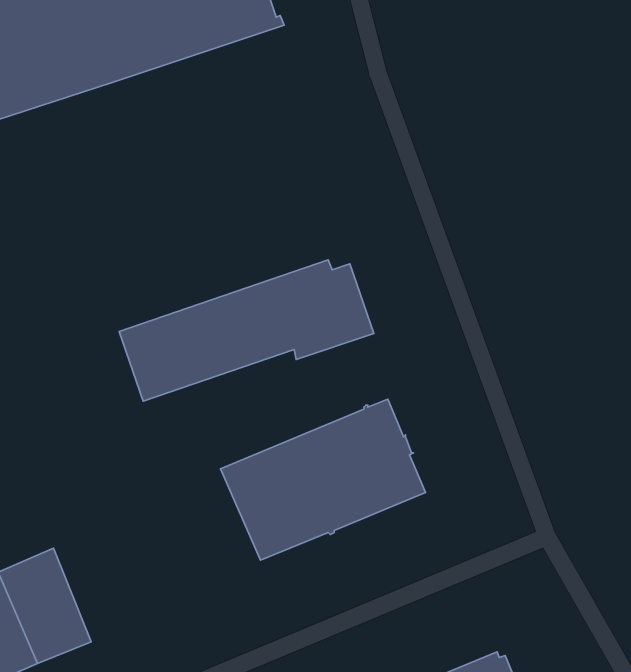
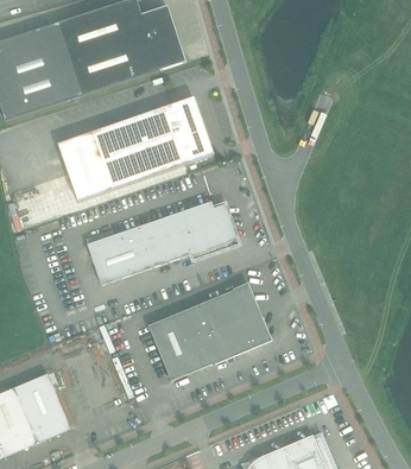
building: none -> [57,102,214,199]

